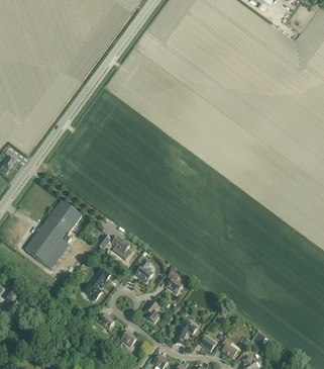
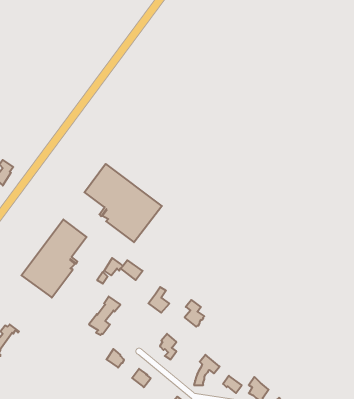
building: none -> [84,164,162,242]

